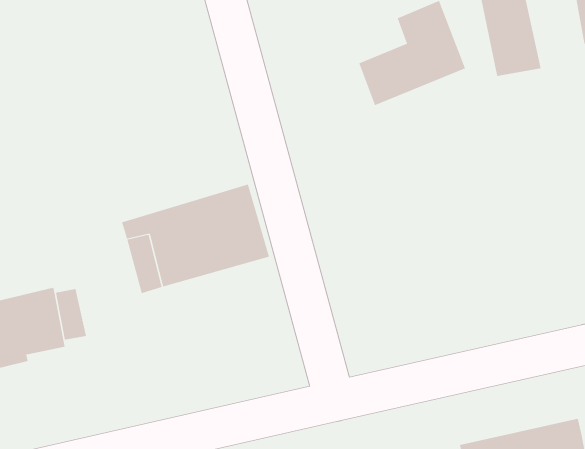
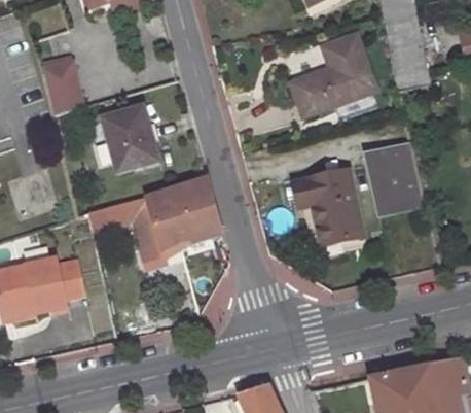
building: none -> [47,67,83,116]
building: none -> [99,104,156,166]
building: none -> [364,140,424,212]
building: none -> [293,169,365,246]

